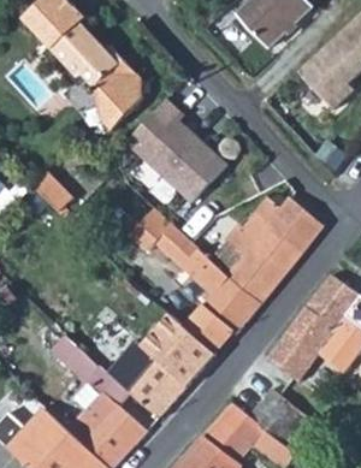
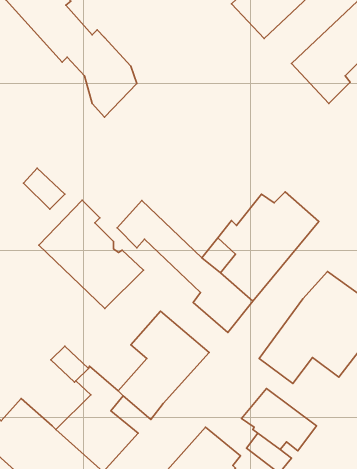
building: [125,99,226,203] -> [39,200,143,309]
building: [213,404,264,452] -> none

